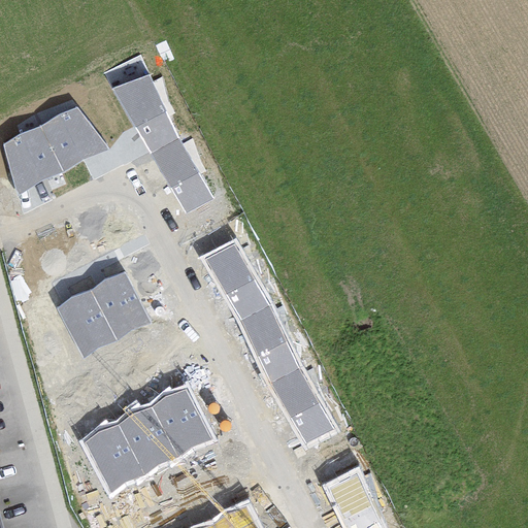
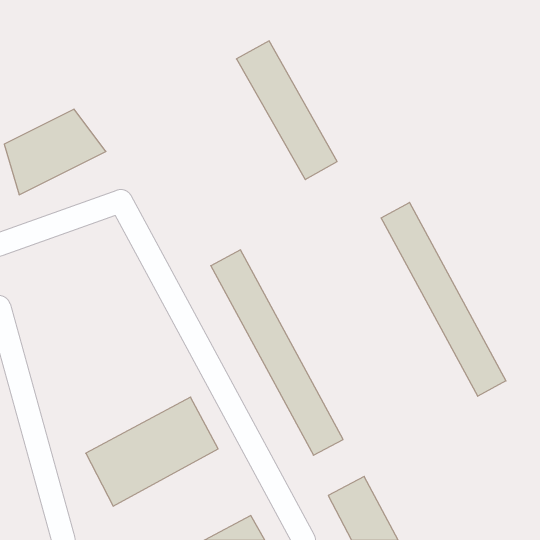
building: [114,75,212,210] -> [236,41,337,180]
building: none -> [381,202,506,396]
building: [60,273,147,354] -> none

